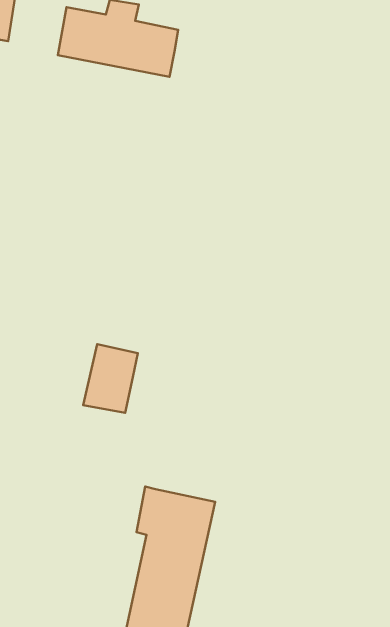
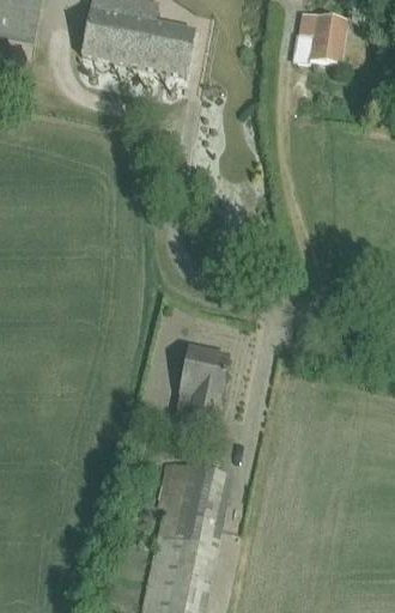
building: none -> [299,13,345,62]
building: [83,344,138,413] -> [175,348,226,413]

